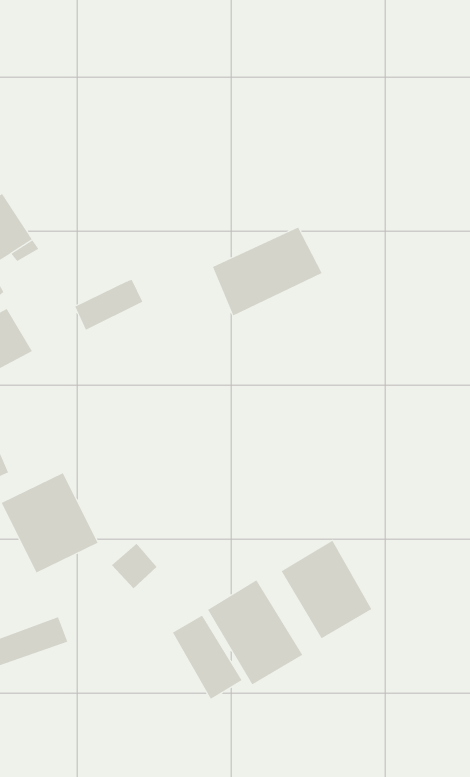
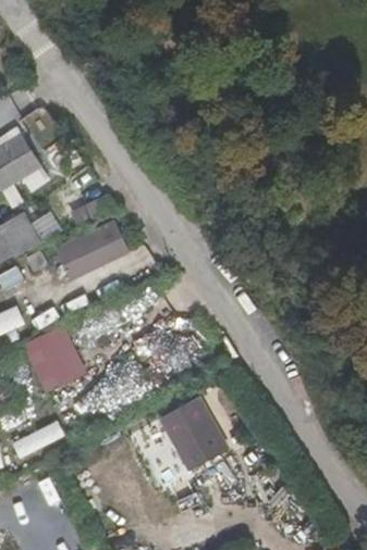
building: [212,227,322,316] -> [54,220,130,280]
building: [281,540,372,639] -> none

